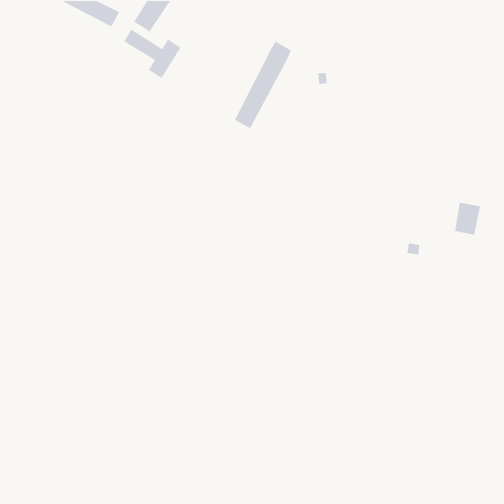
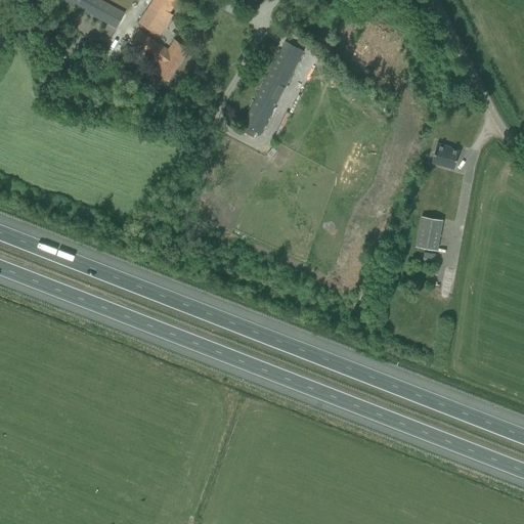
building: none -> [432,143,458,169]
building: [454,202,481,235] -> [416,216,443,251]

